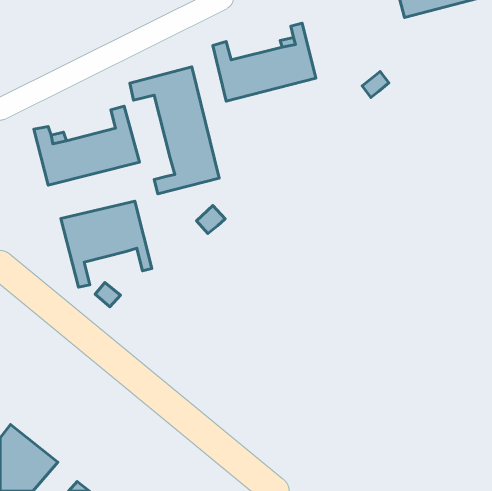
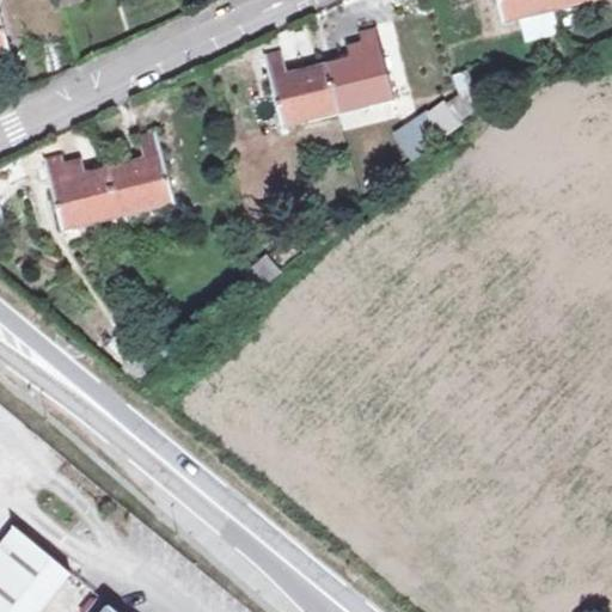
building: [130,67,219,194] -> none
building: [61,201,152,287] -> none

